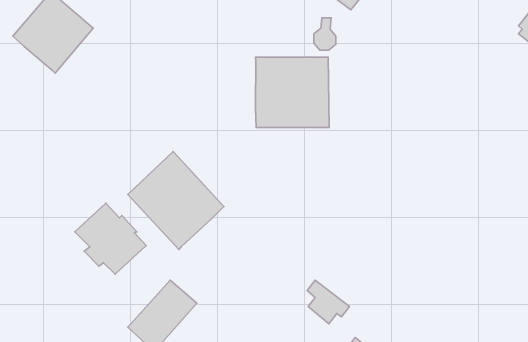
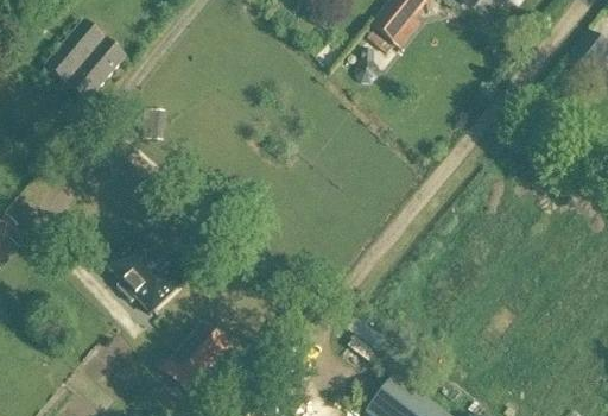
building: [255,57,329,127] -> none
building: [128,151,224,249] -> none

